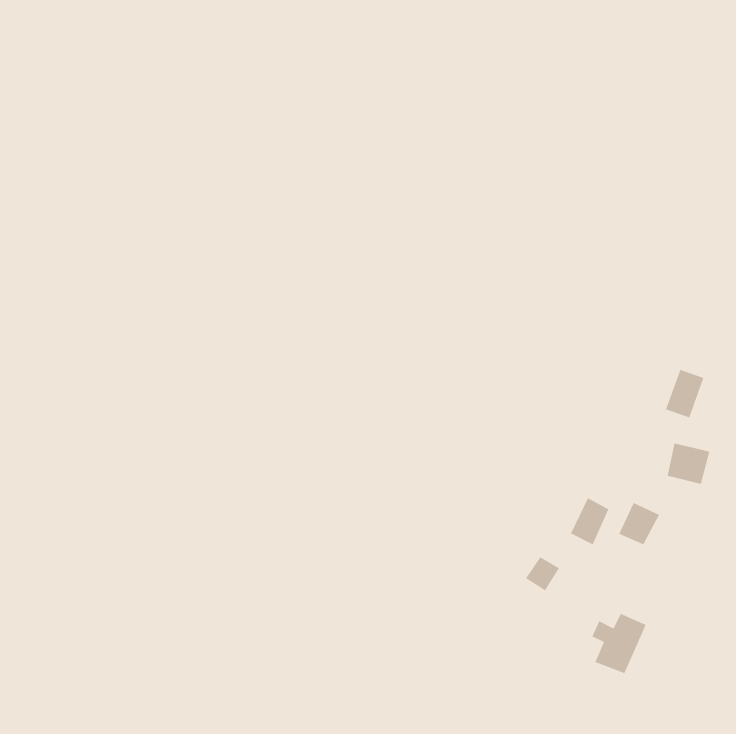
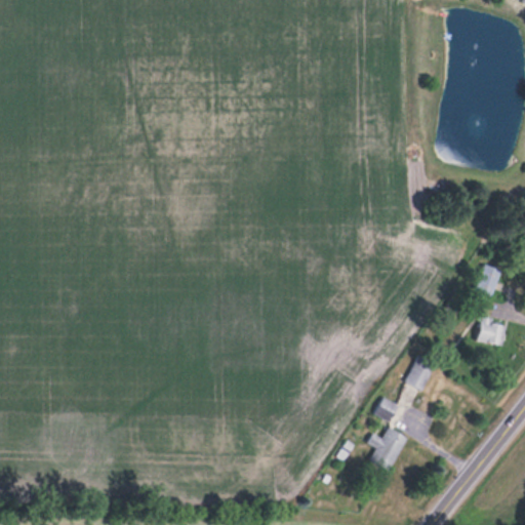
building: [618,502,660,545] -> none
building: [592,613,646,674] -> [367,428,406,471]

